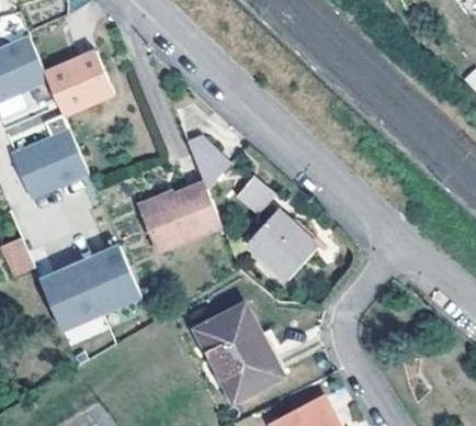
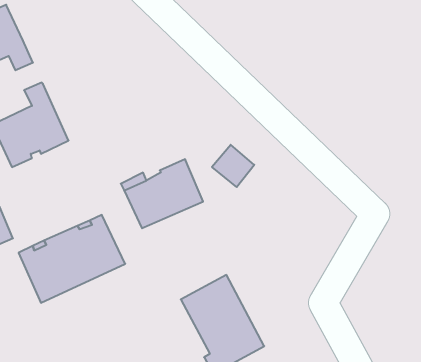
building: [44,48,112,114] -> none
building: [188,141,229,194] -> none
building: [246,210,316,280] -> none

